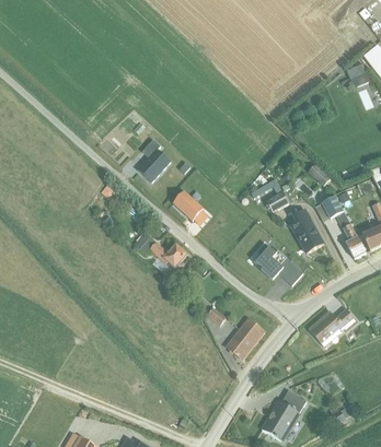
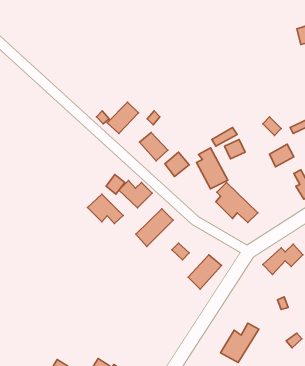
building: [289,208,324,254] -> [197,148,228,189]
building: none -> [88,194,123,224]
building: none -> [136,209,173,246]

